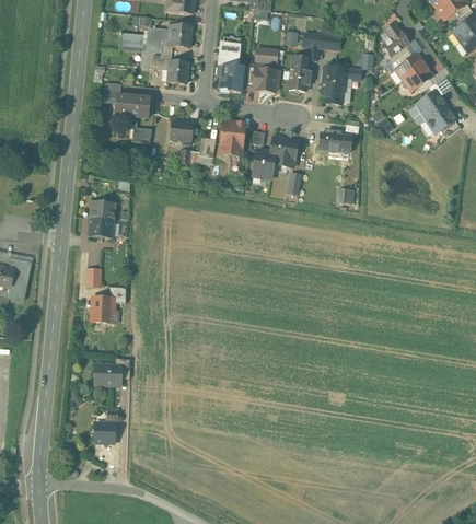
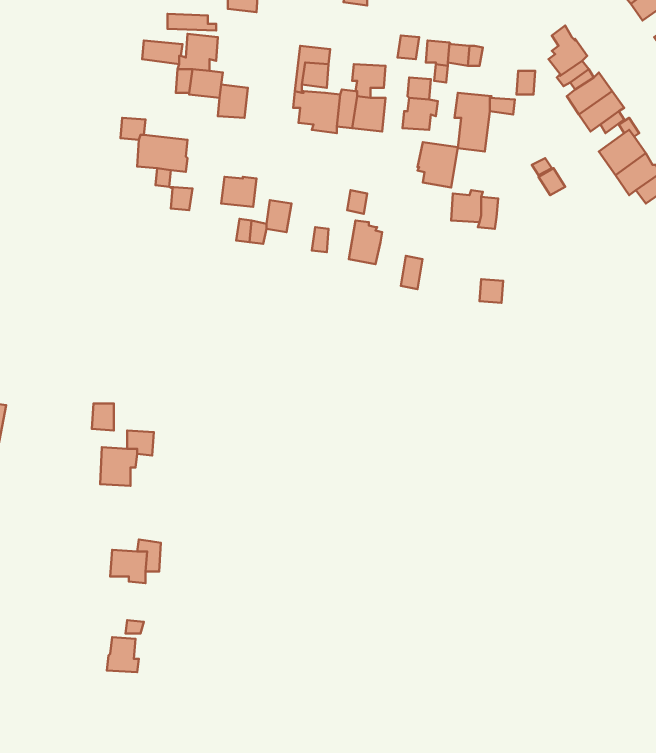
building: [166,23,191,47] -> none
building: [220,120,244,148] -> none
building: [270,137,297,166] -> [418,142,458,187]
building: [88,200,115,237] -> none

